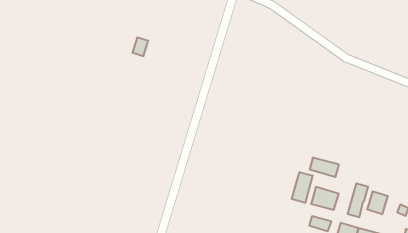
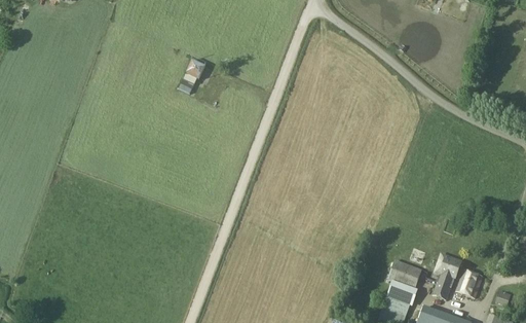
building: [310,157,339,177] -> none
building: [292,172,313,203] -> none

